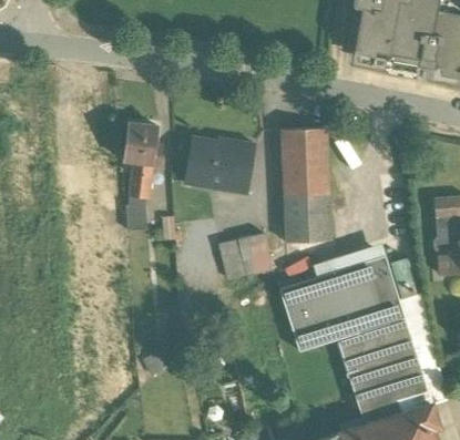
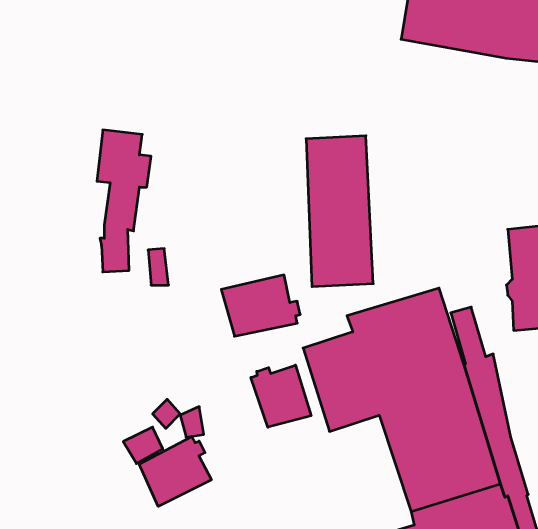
building: [184,139,253,196] -> none
building: none -> [251,365,311,427]
building: none -> [139,436,211,506]

